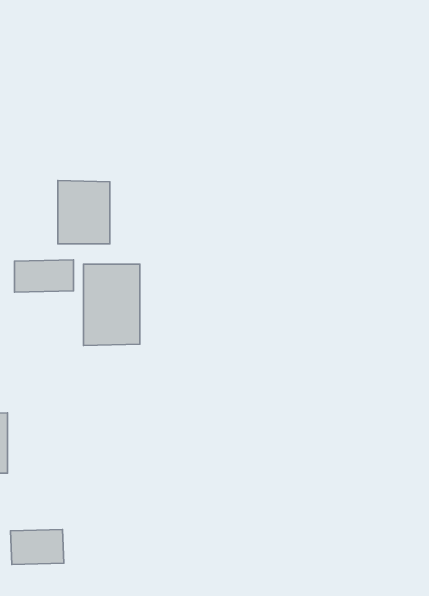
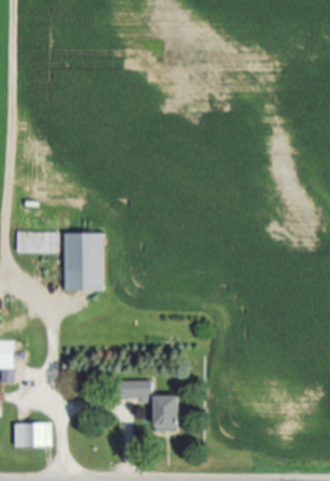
building: [58,181,110,244] -> none
building: none -> [126,381,181,433]

